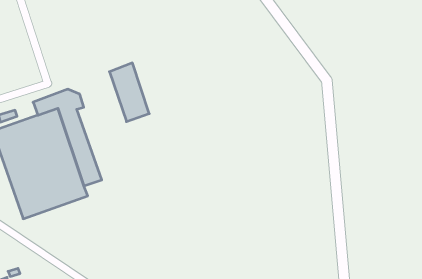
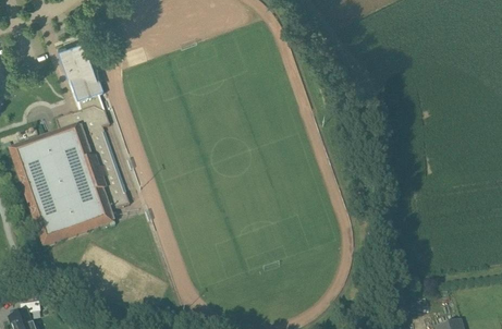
building: [109,63,149,122] -> [58,37,101,101]

